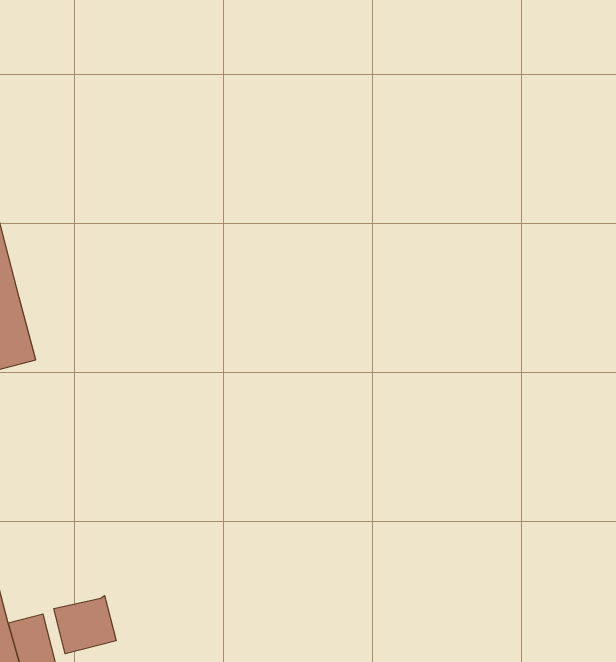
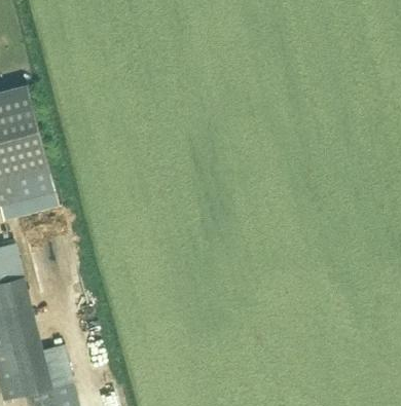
building: [54,596,116,654] -> none

